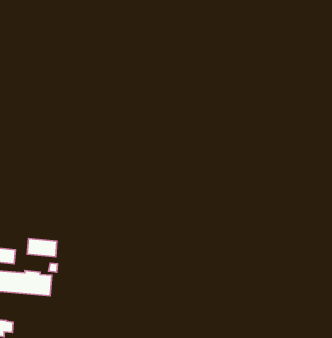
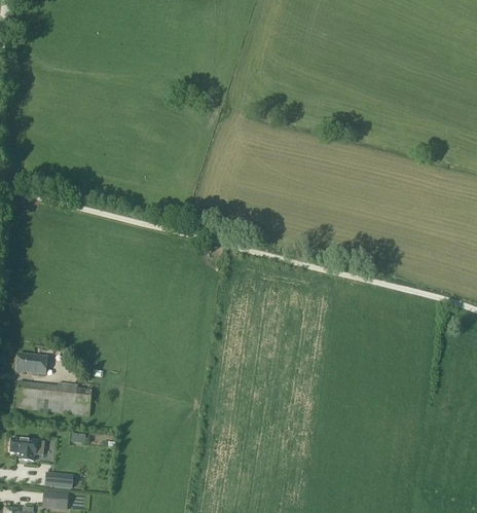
building: [27,239,57,257] -> none

